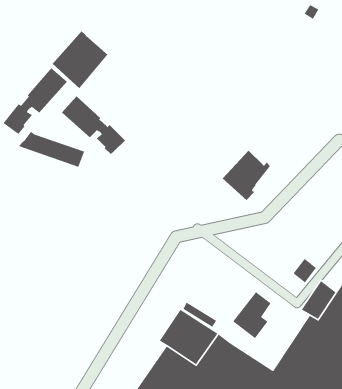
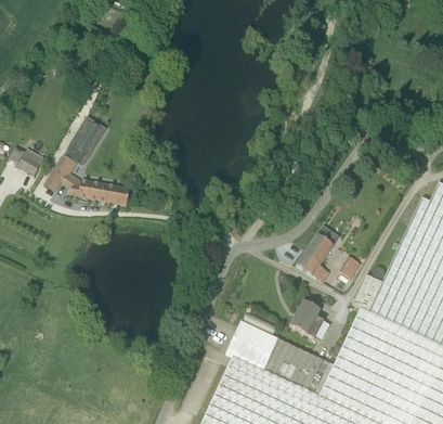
building: [52,30,109,89] -> none
building: [61,96,126,155] -> none
building: [222,150,271,201] -> [297,234,340,282]

